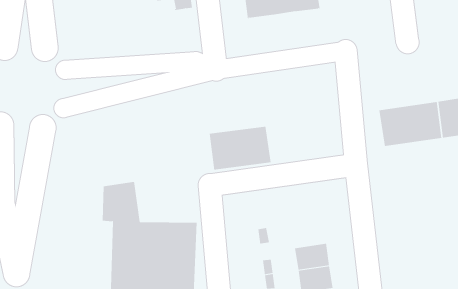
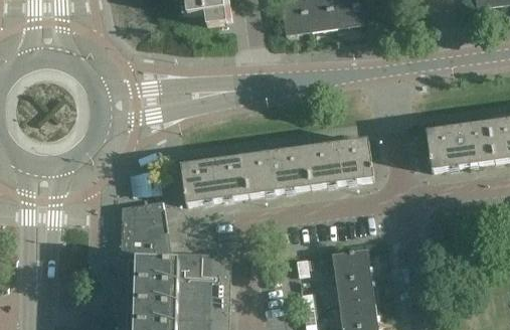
building: none -> [303,139,371,187]
building: none -> [179,156,246,204]
building: none -> [330,249,368,279]

